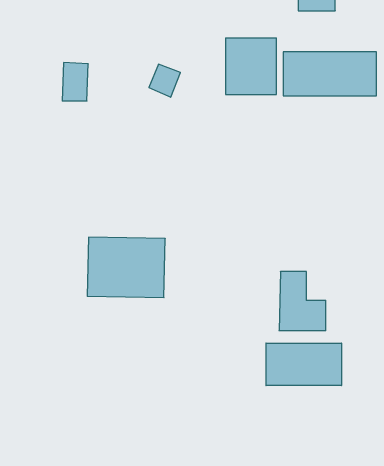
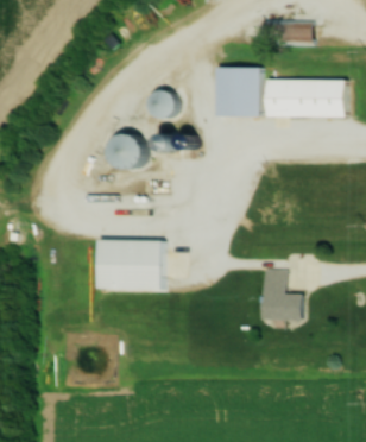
building: [62,63,88,101] -> [114,134,137,168]
building: [266,343,341,386] -> none

